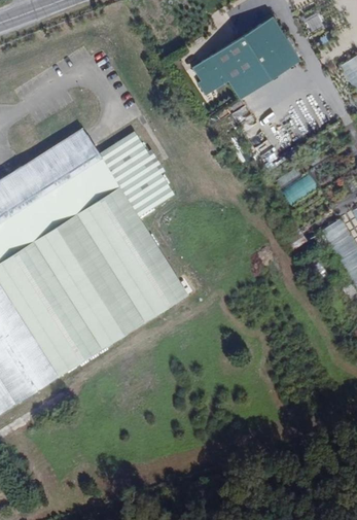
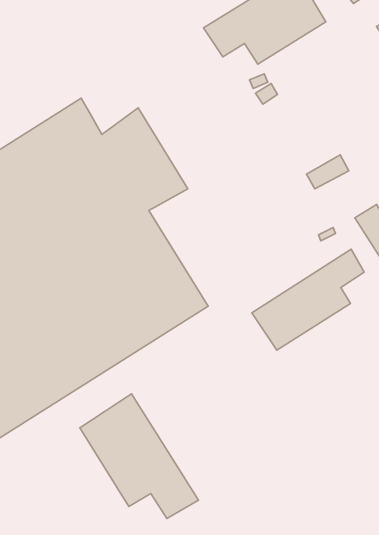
building: none -> [252,249,364,350]
building: none -> [80,394,198,518]

